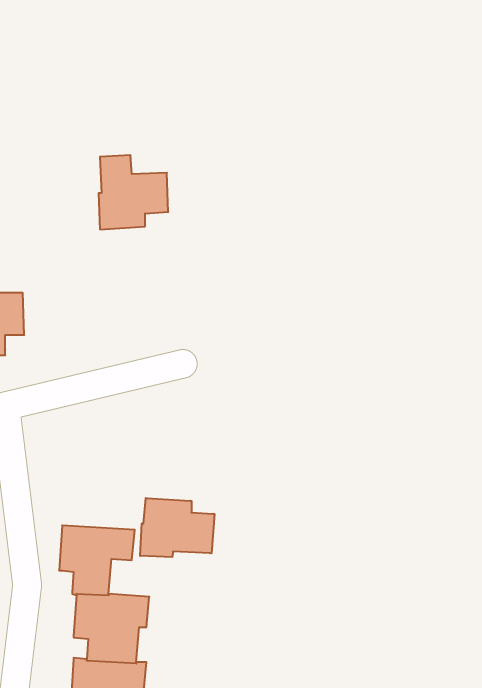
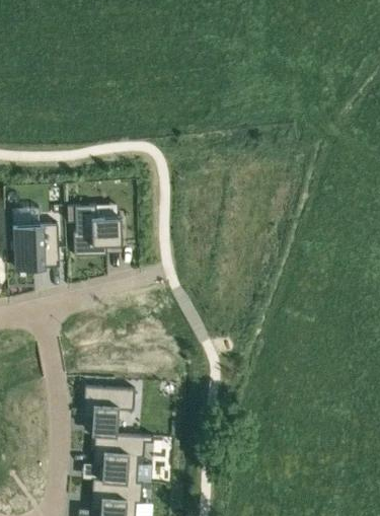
building: [99,155,168,229] -> [73,205,122,256]
building: [140,498,214,557] -> none

